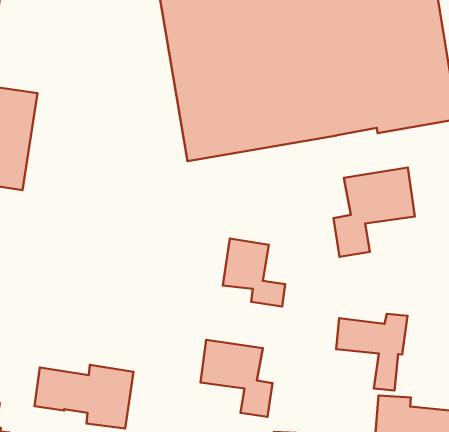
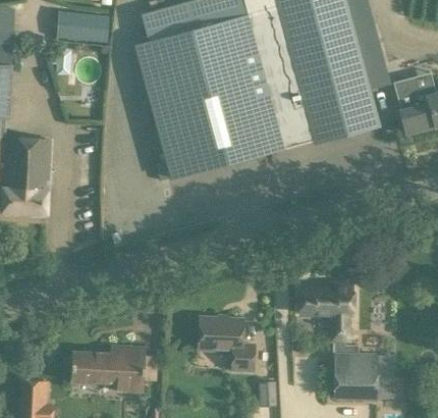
building: [333,168,415,257] -> none
building: [223,238,285,307] -> none

